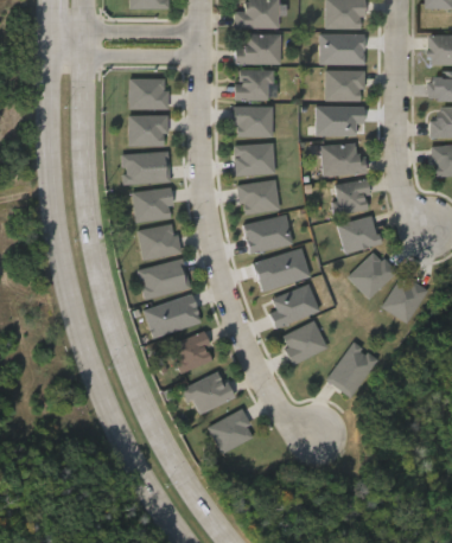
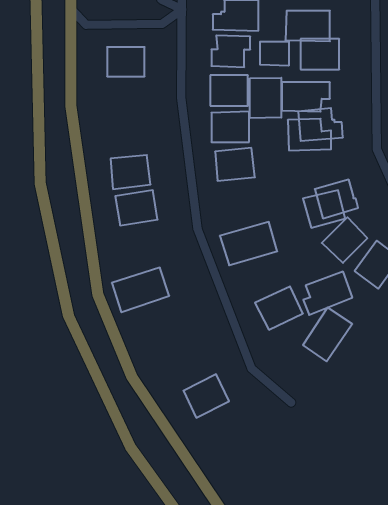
building: none -> [260,42,289,66]
building: none -> [250,78,281,118]
building: [130,115,168,145] -> none
building: [125,152,171,183] -> none
building: [335,177,373,213] -> none
building: [236,224,284,258] -> none
building: [139,257,192,298] -> none
building: [261,292,311,336] -> [303,272,352,315]
building: [177,327,215,371] -> none
building: [184,370,237,413] -> none

